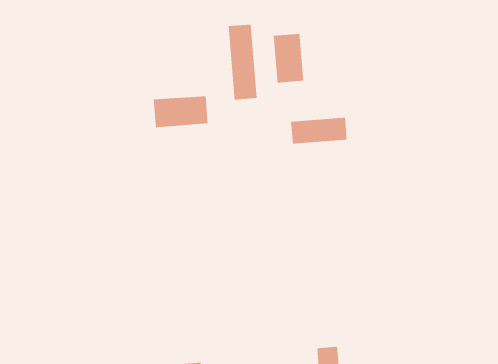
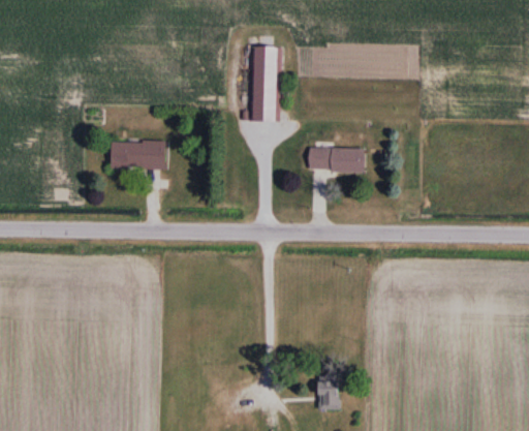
building: [273,33,304,83] -> none
building: [153,96,209,128] -> [112,142,165,171]

